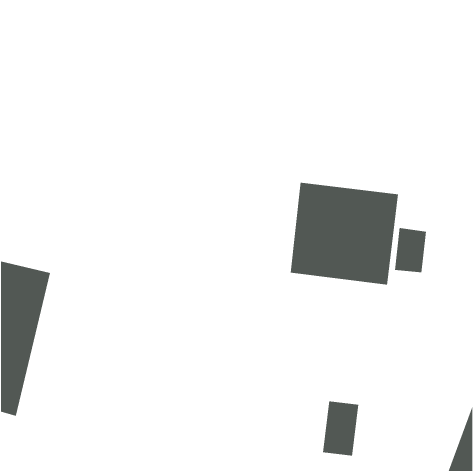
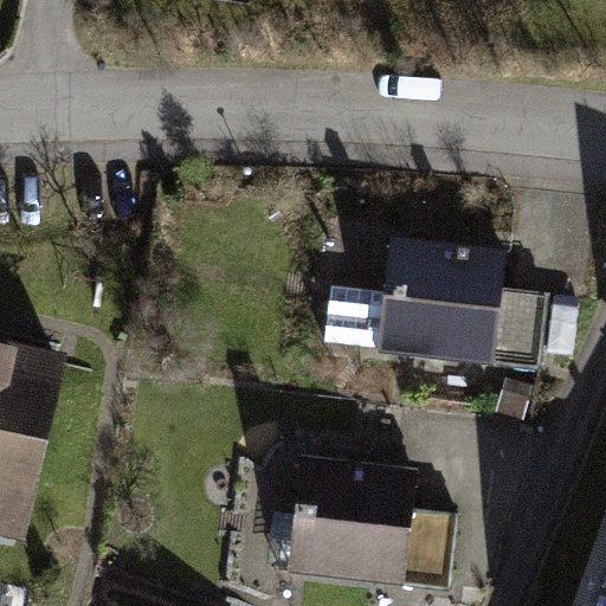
building: none -> [288,458,418,588]

